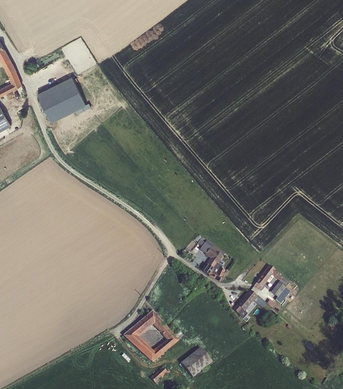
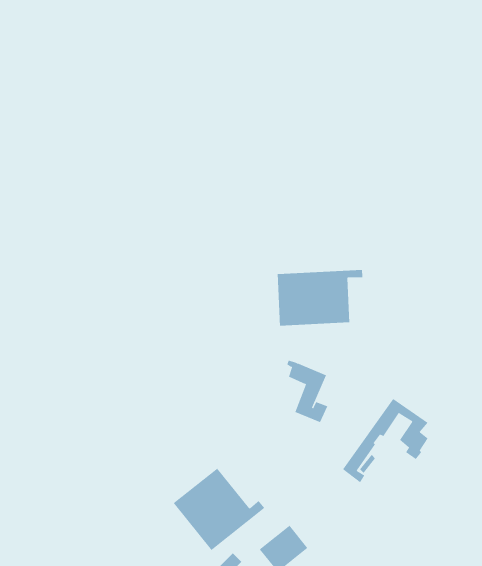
building: [36,76,87,121] -> none
building: none -> [277,269,363,326]

